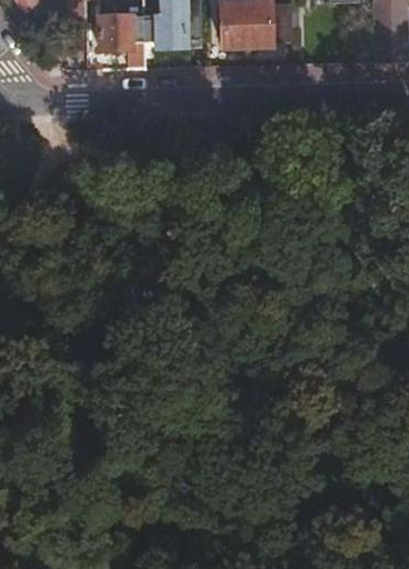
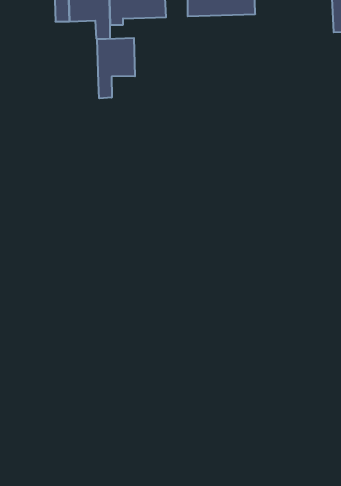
building: none -> [97,38,135,98]

